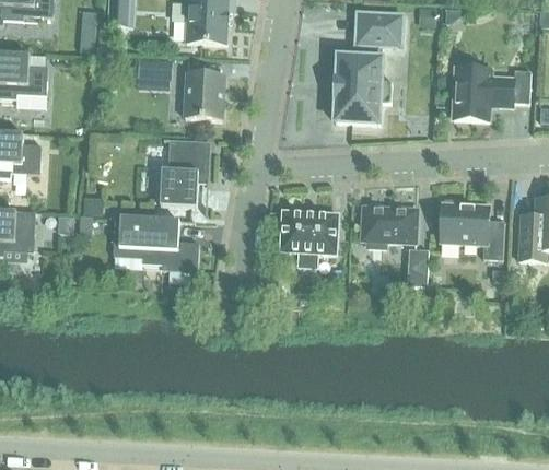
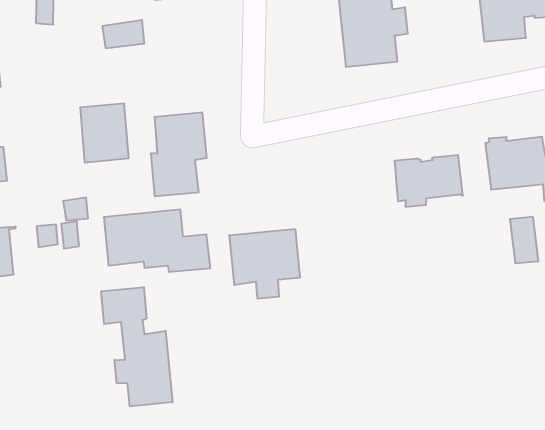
building: [184,71,224,119] -> [80,103,129,162]
building: [280,210,338,267] -> [229,229,300,299]
building: [407,248,428,286] -> [510,217,539,263]
building: none -> [101,287,172,406]

